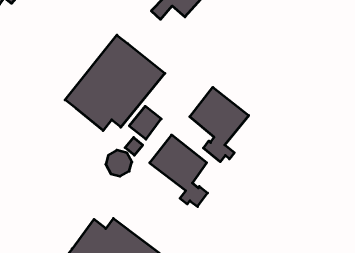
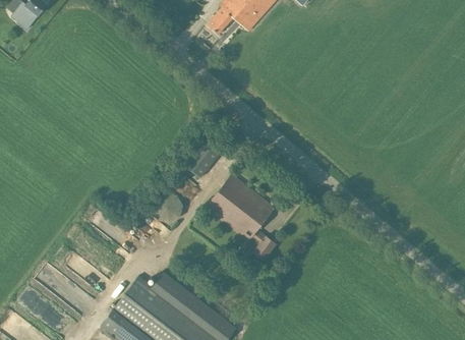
building: [65,35,165,131] -> none
building: [190,87,249,162] -> none

